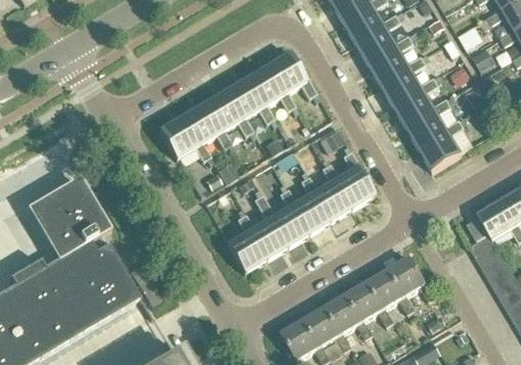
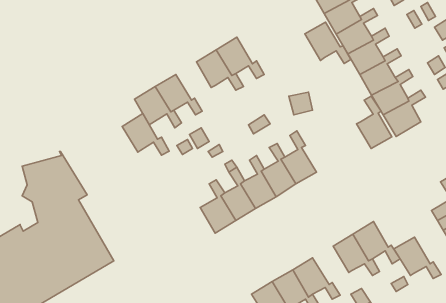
building: [267,54,315,97] -> [305,22,351,63]
building: [204,92,253,135] -> [122,114,169,155]
building: [335,152,372,207] -> [356,96,392,149]
building: [346,283,395,326] -> [394,237,441,278]

